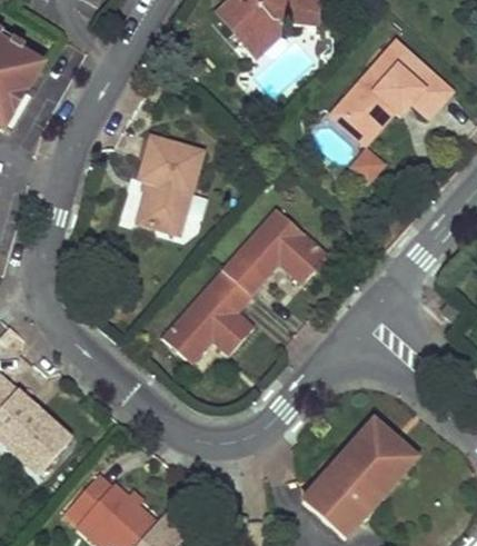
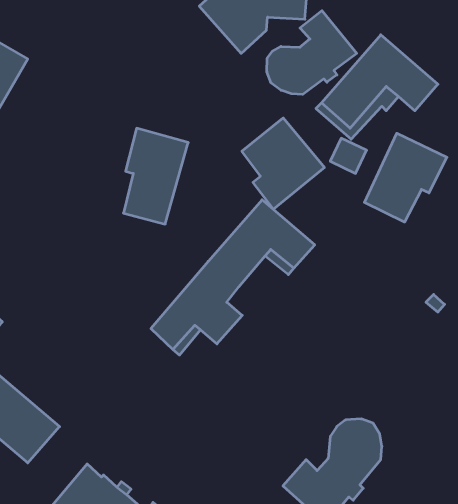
building: none -> [267,11,357,94]
building: none -> [242,118,324,209]
building: none -> [364,133,447,222]

